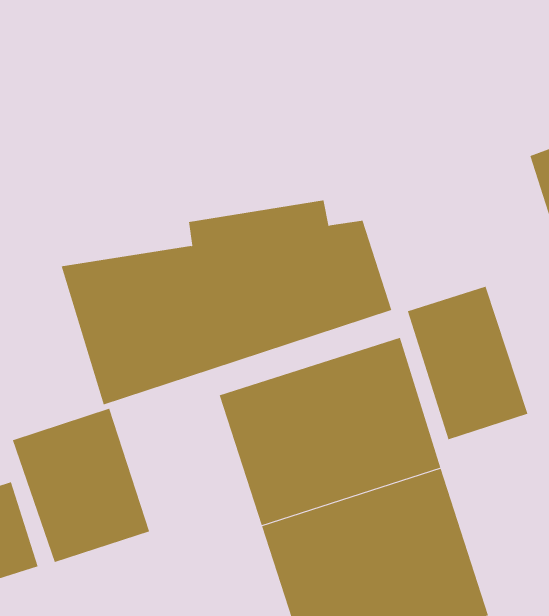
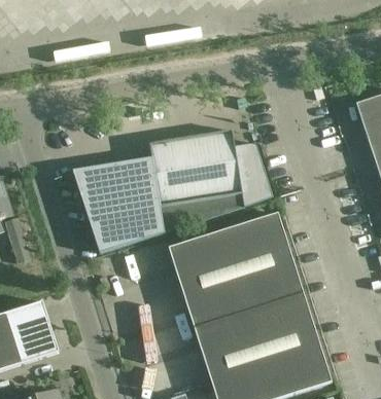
building: [407,286,528,440] -> none
building: [12,408,150,563] -> none

